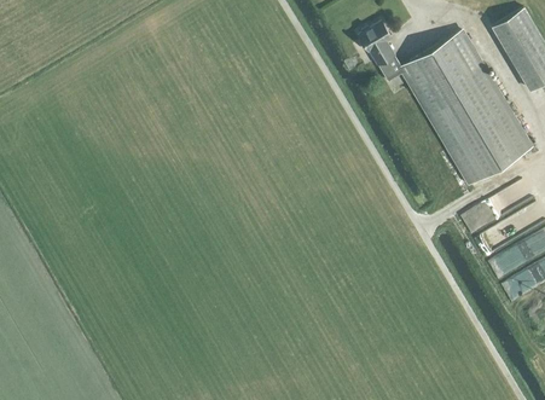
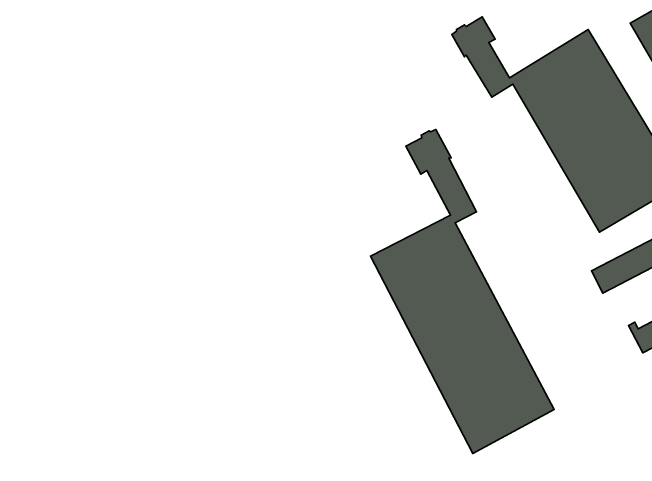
building: none -> [371,130,554,453]

